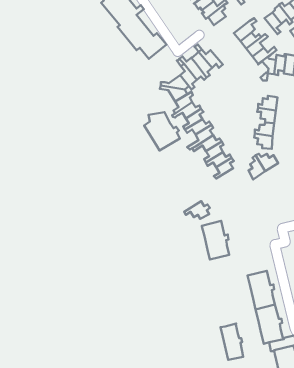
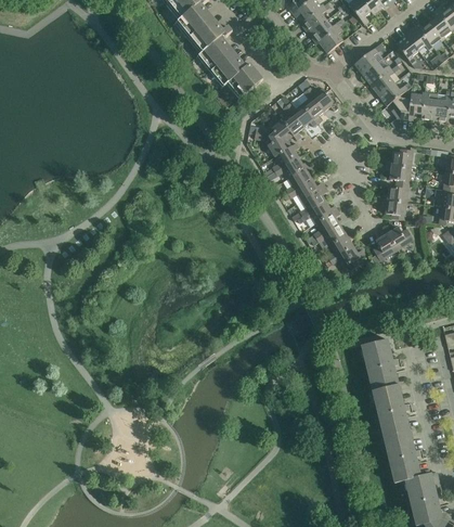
building: [144,112,180,150] -> none
building: [184,201,210,219] -> [330,246,365,270]
building: [202,221,229,260] -> [362,339,399,391]
building: [221,324,243,360] -> none

